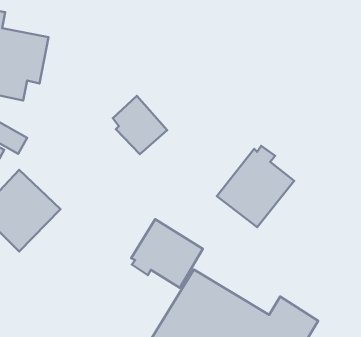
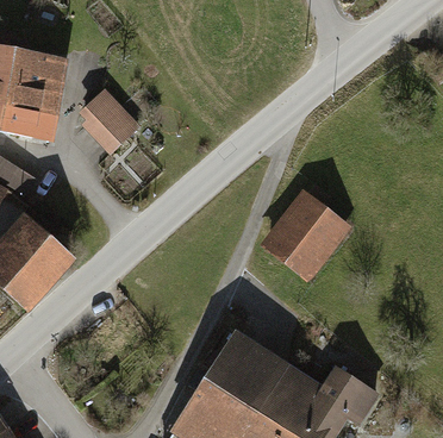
building: [113,96,167,154] -> [77,87,142,156]
building: [131,219,203,288] -> none

